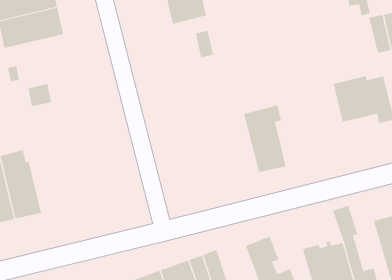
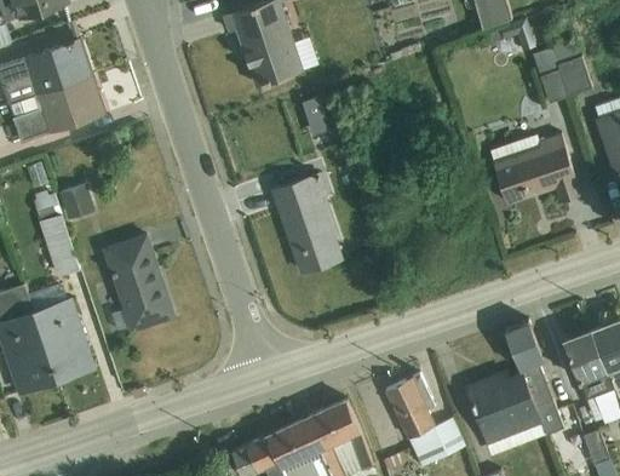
building: none -> [34,193,80,277]
building: [243,105,286,173] -> [274,174,341,273]
building: none -> [103,236,174,332]

